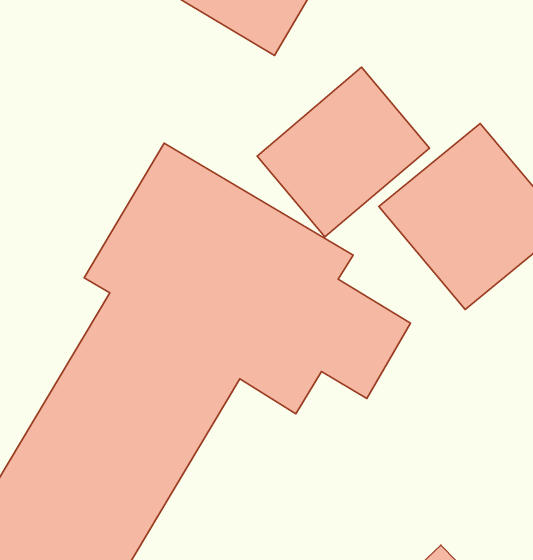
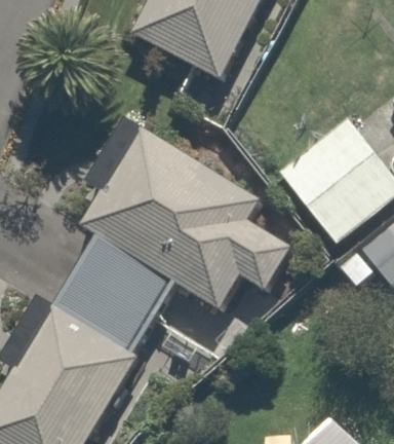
building: [257,67,429,237] -> none

